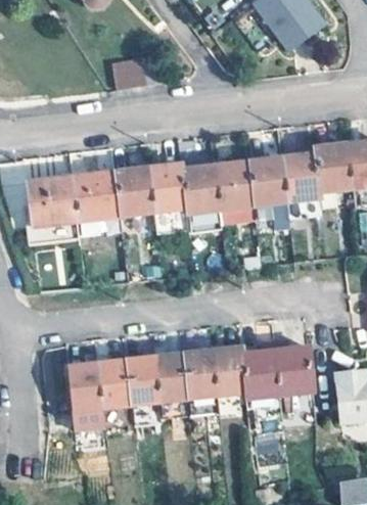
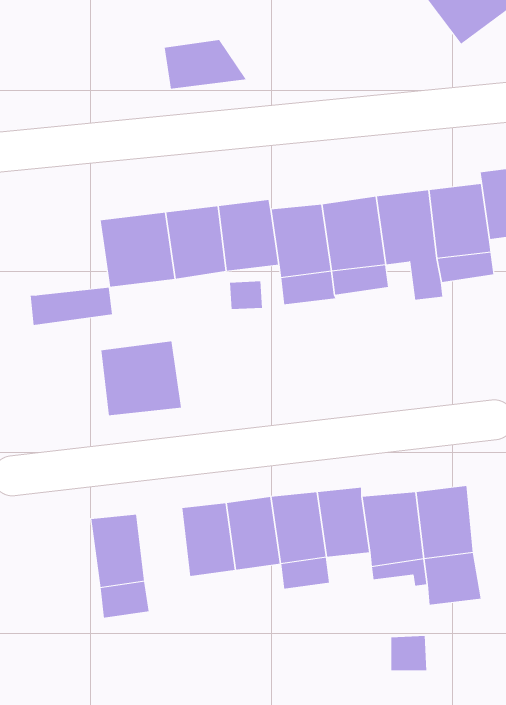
building: [27,175,79,223] -> [100,341,182,416]
building: [96,359,130,406] -> none

